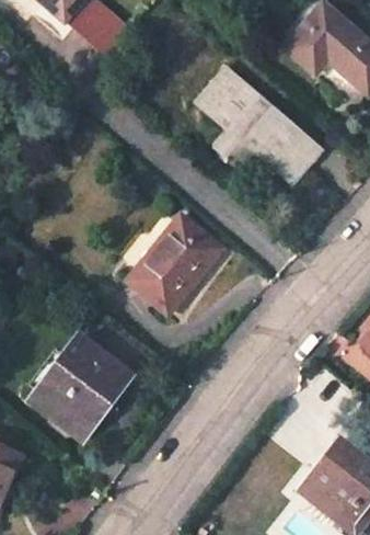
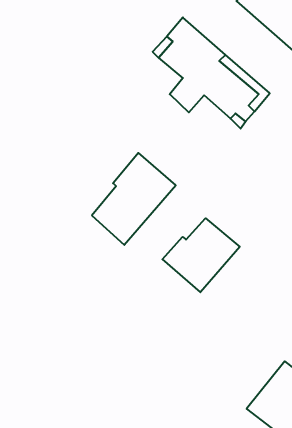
building: none -> [162,218,240,292]
building: [41,333,125,432] -> none

